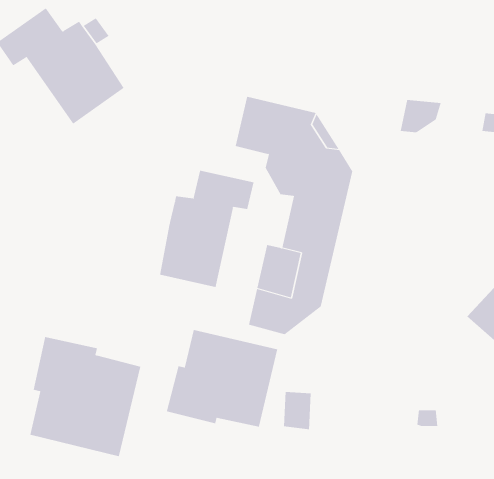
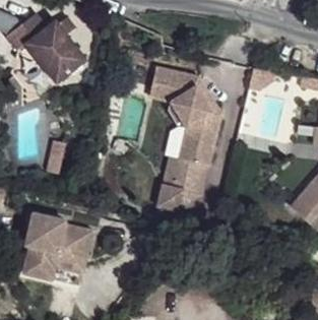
building: [159,170,254,288] -> none
building: [166,329,278,428] -> none

